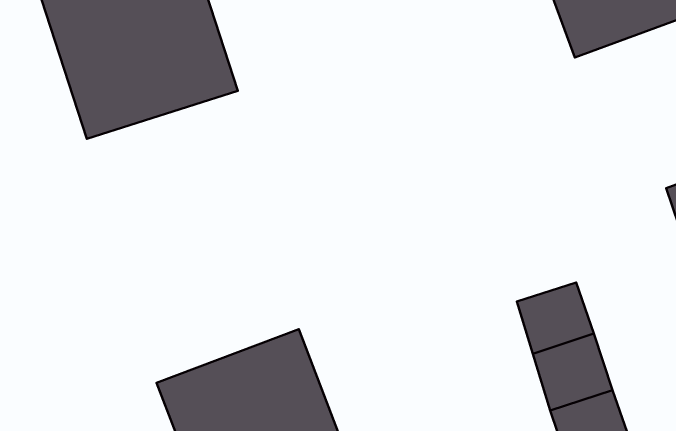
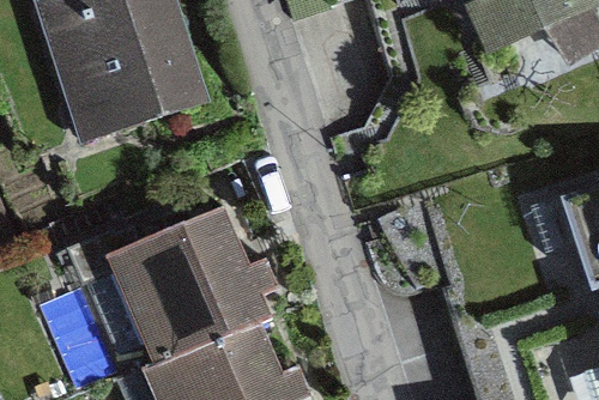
building: none -> [102,196,261,352]

